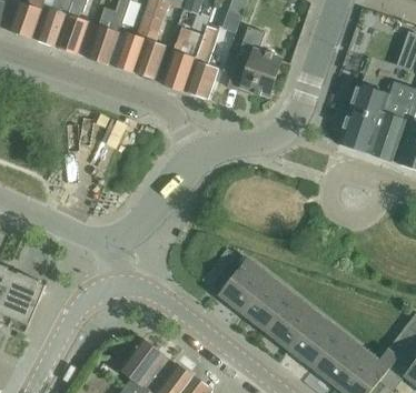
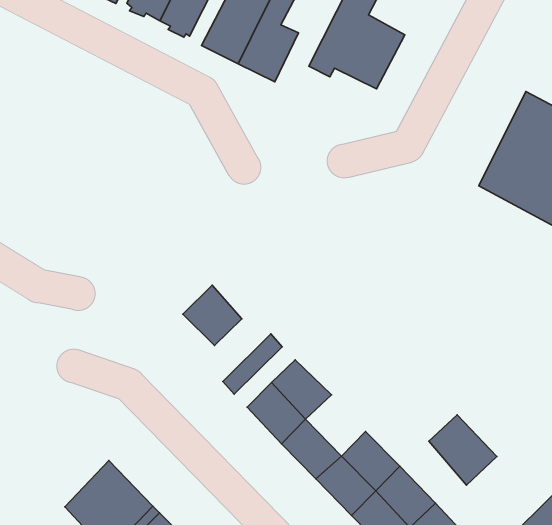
building: none -> [183,285,242,346]
building: [255,279,291,314] -> none
building: none -> [429,415,497,485]

